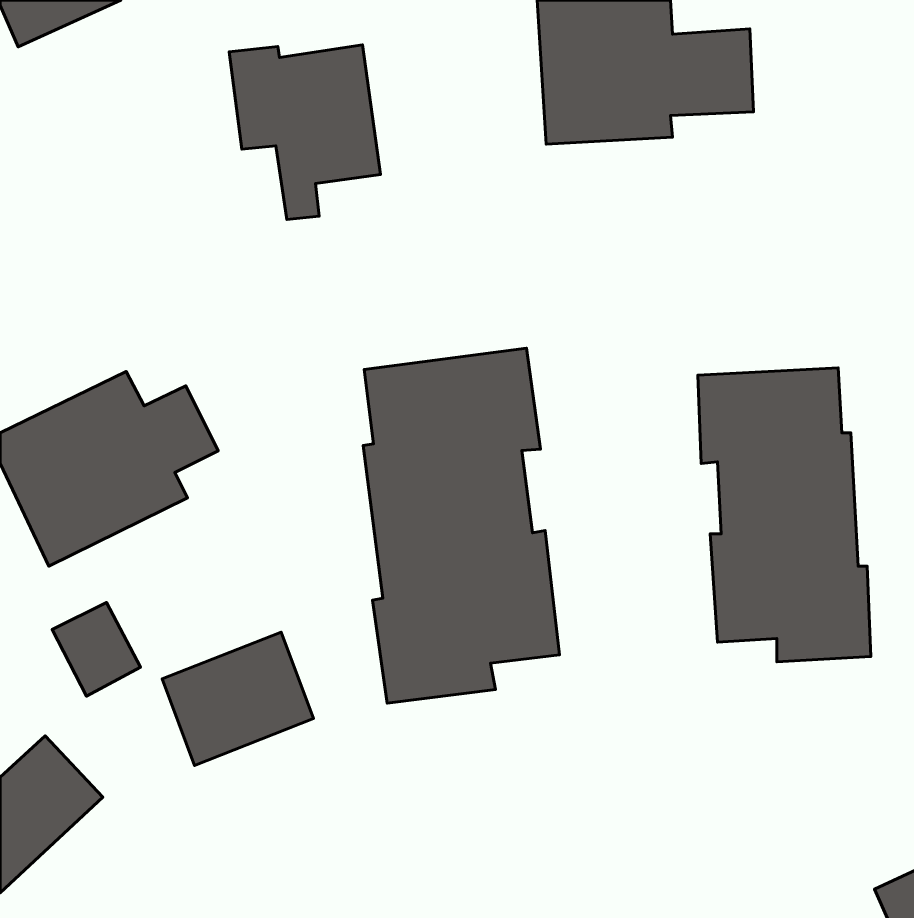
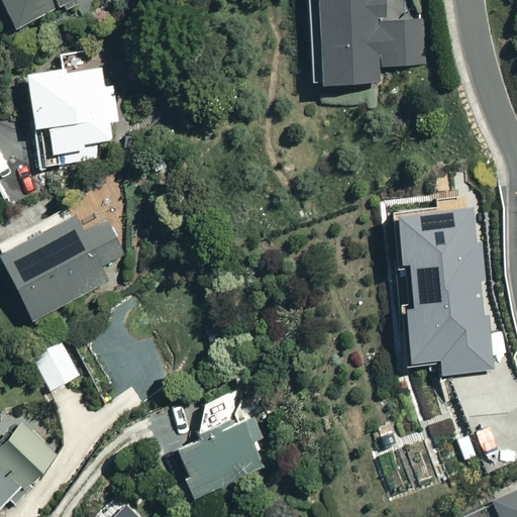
building: [229,45,381,220] -> [27,68,112,166]
building: [363,348,559,703] -> none
building: [162,632,314,766] -> [179,421,264,496]

